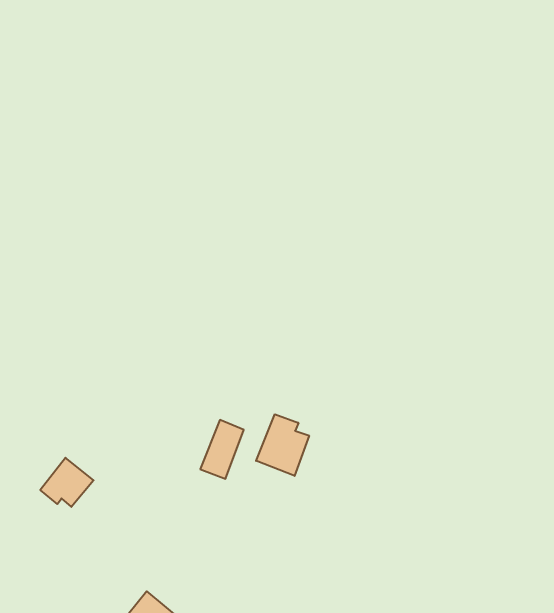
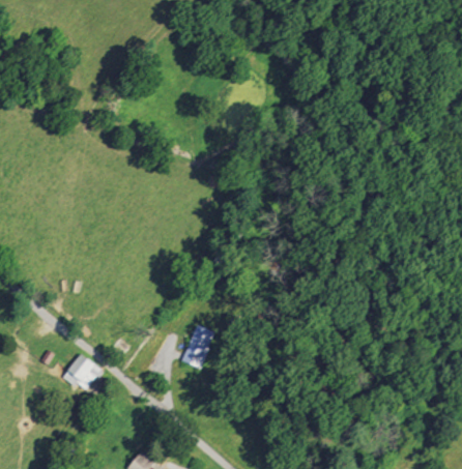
building: [256,414,309,476] -> none

